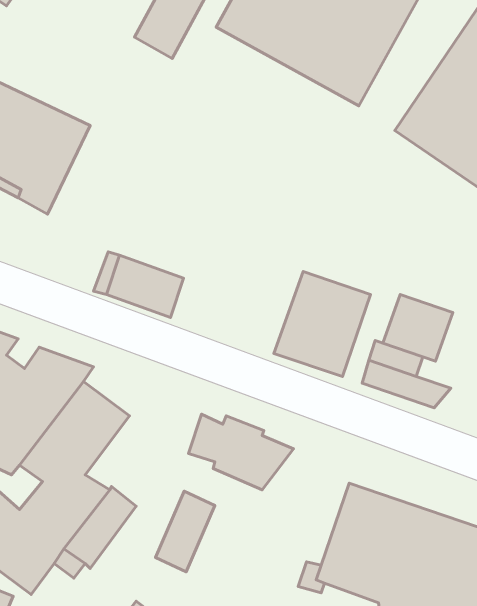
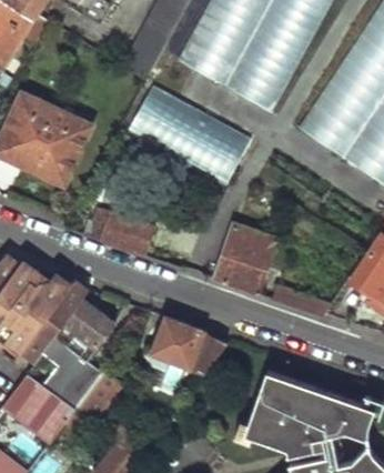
building: none -> [128,89,251,188]
building: [383,295,453,361] -> none
building: [156,491,215,572] -> none

